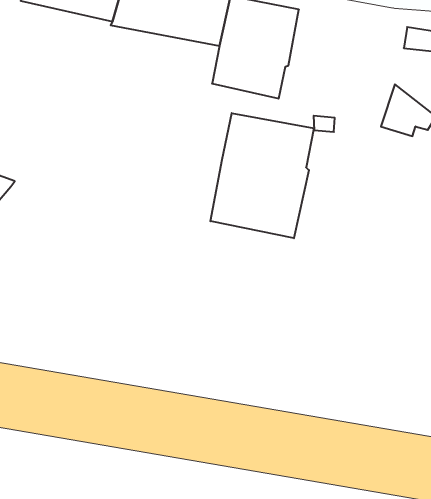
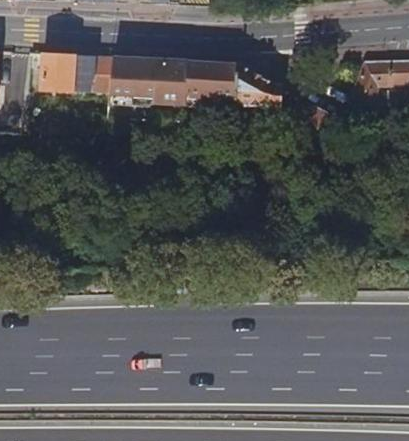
building: none -> [236,62,278,104]
building: [210,113,314,238] -> none

